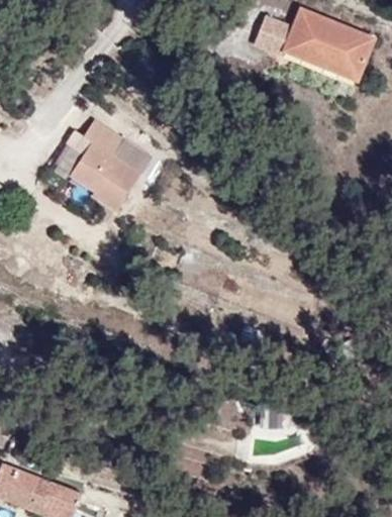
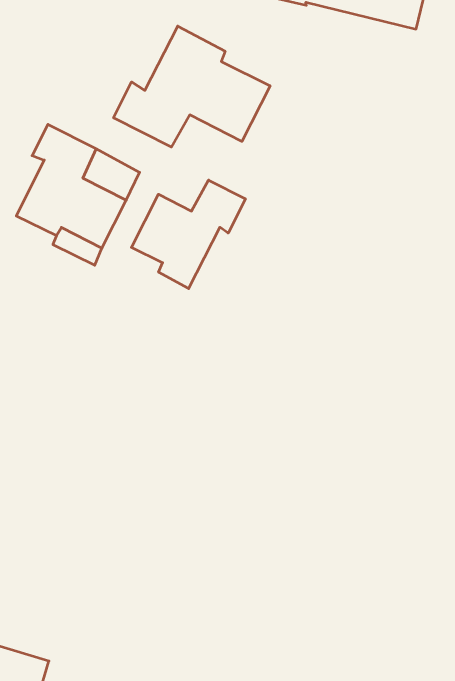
building: none -> [114,26,270,147]
building: none -> [131,180,245,289]

